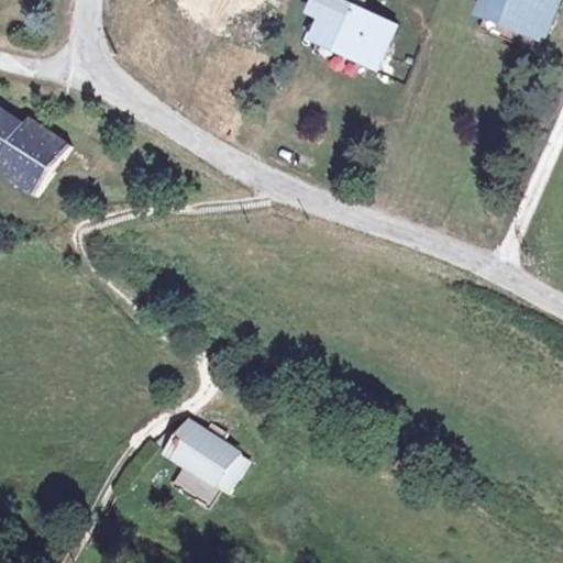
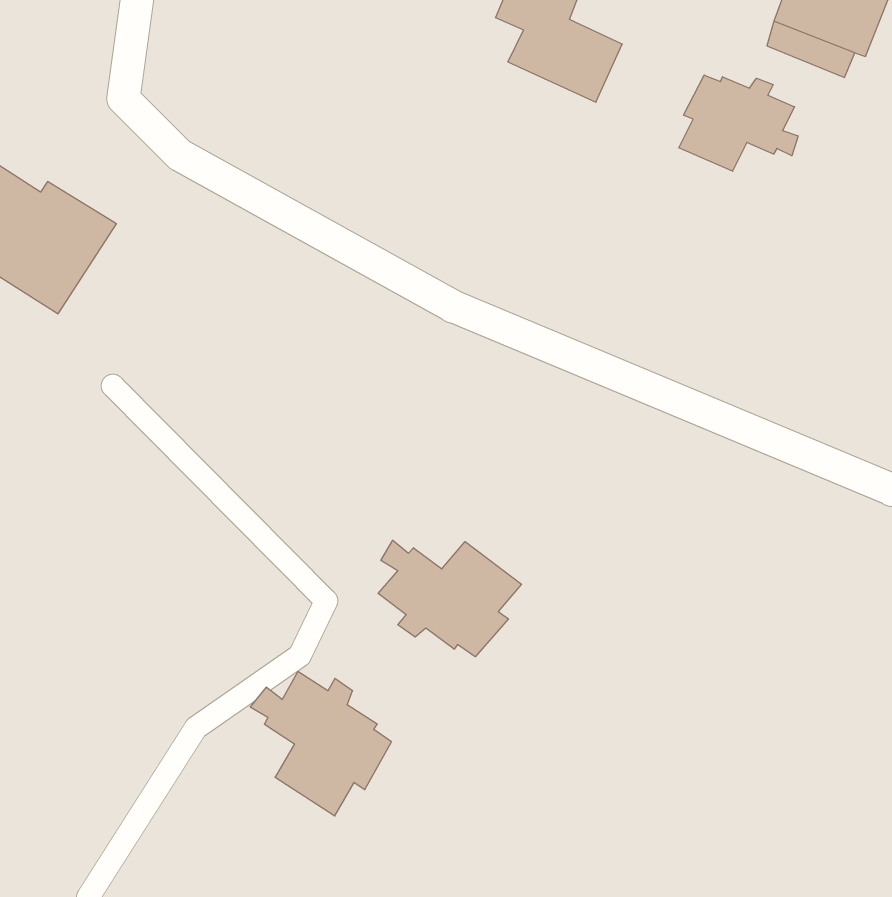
building: none -> [679,75,798,171]
building: none -> [378,540,521,657]

